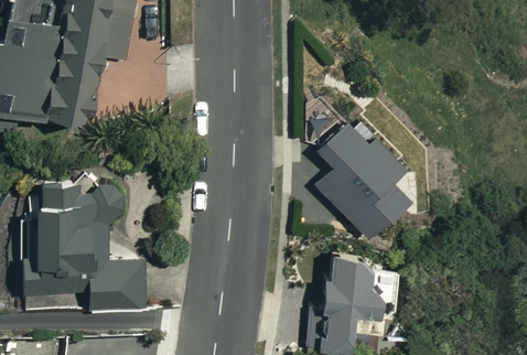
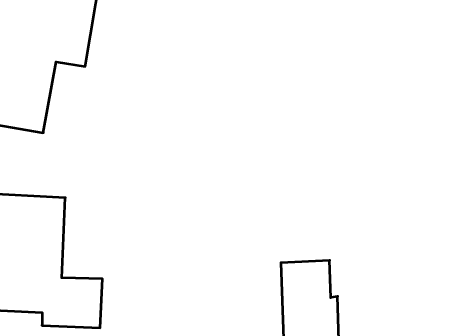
building: [312,112,406,235] -> none

